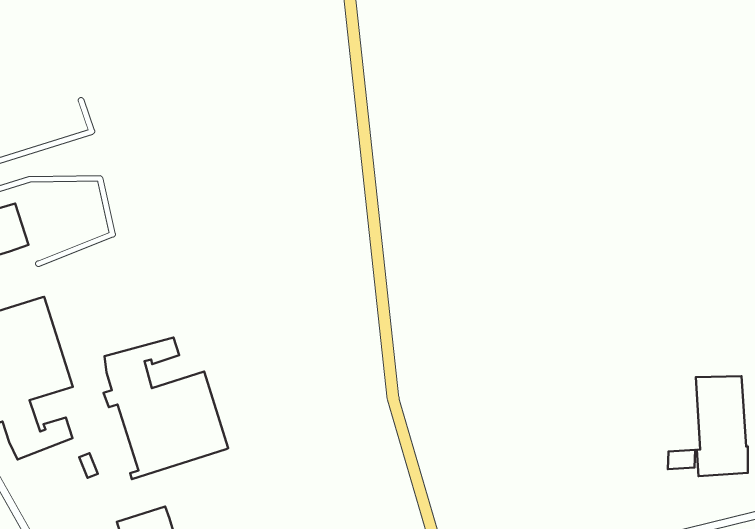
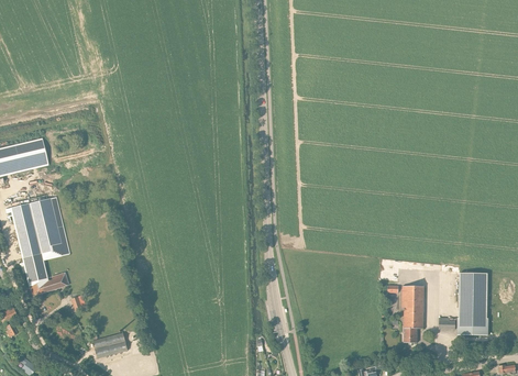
building: [103,338,228,479] -> none
building: none -> [401,286,423,343]

